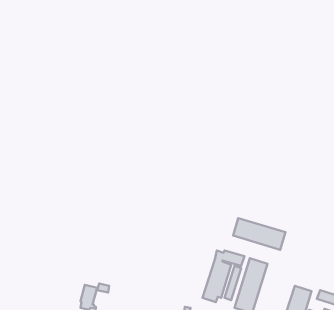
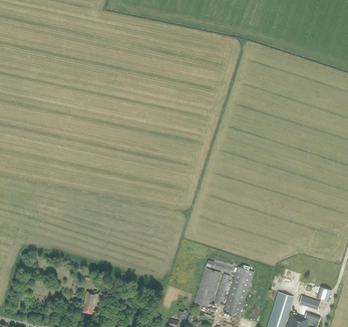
building: [233,218,285,250] -> none

